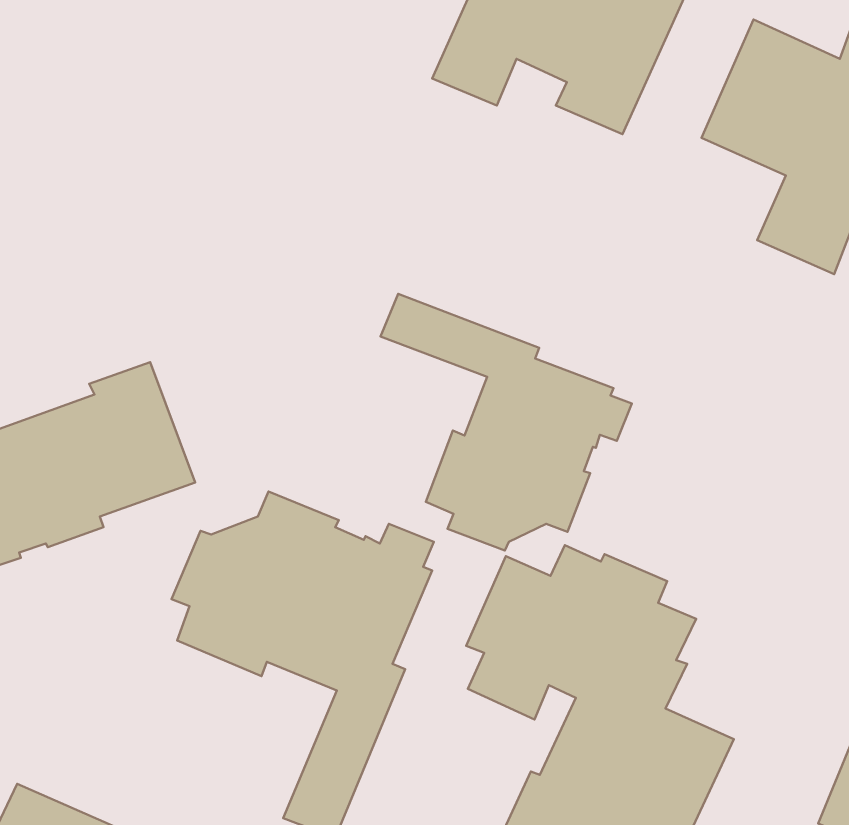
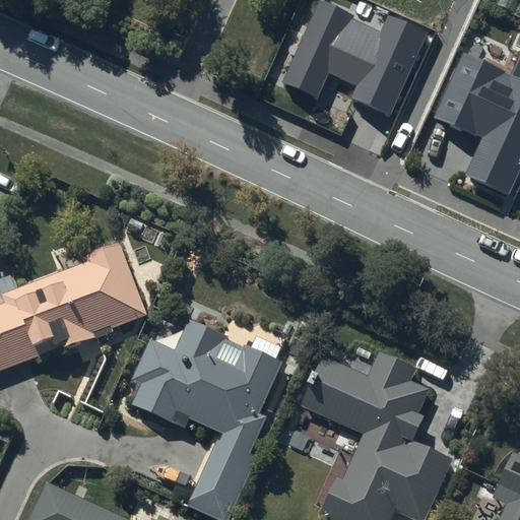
building: [380,294,632,550] -> none

